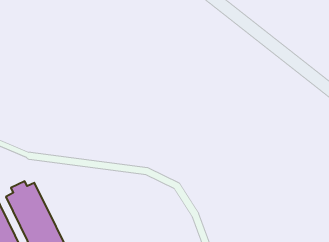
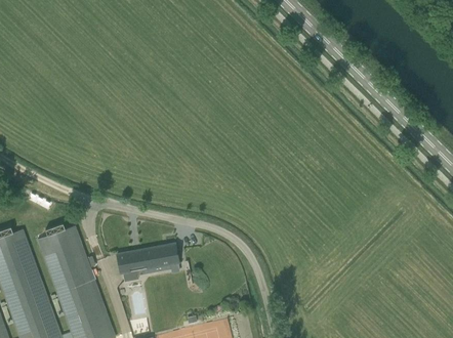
building: none -> [118,244,179,282]

